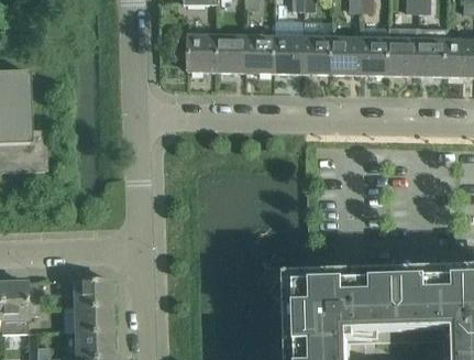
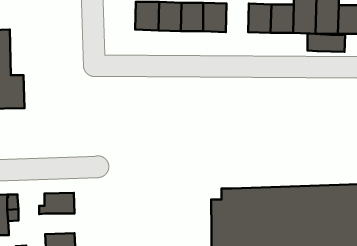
building: [302,37,332,74] -> none
building: none -> [307,34,345,52]
building: [73,305,110,331] -> none

